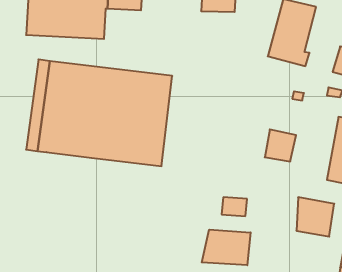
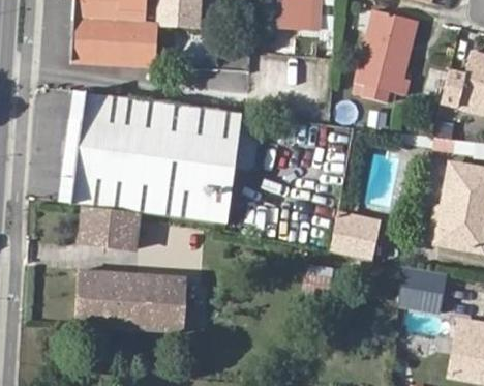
building: [265,129,296,161] -> [332,215,371,256]
building: none -> [80,206,140,248]
building: none -> [75,268,186,329]
building: [202,230,251,265] -> none

